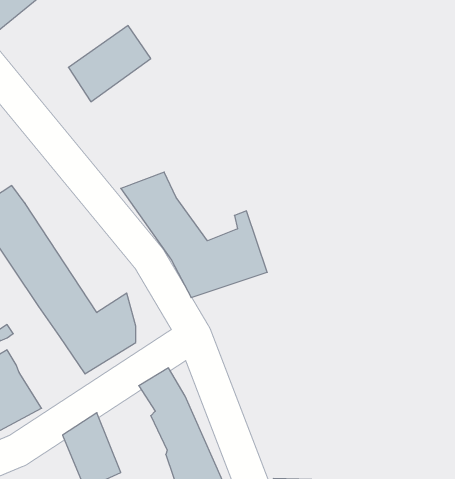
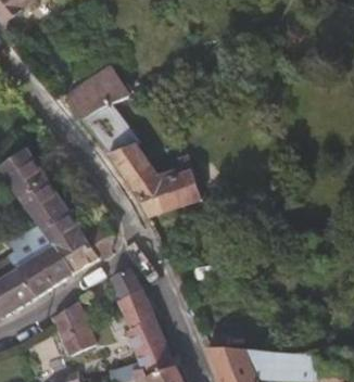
building: [68,26,151,102] -> [65,67,125,123]
building: none -> [18,224,68,297]

